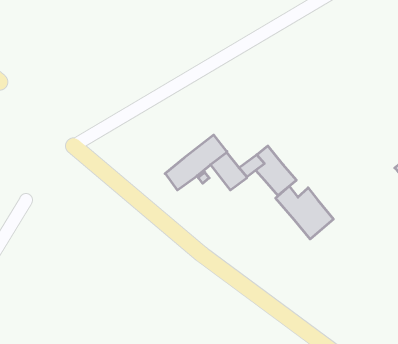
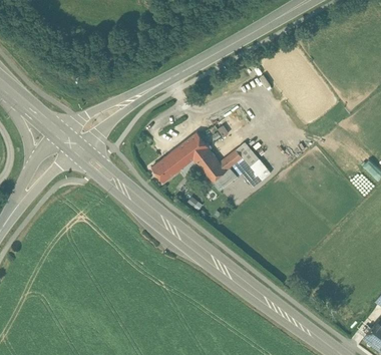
building: [276,186,333,239] -> none

